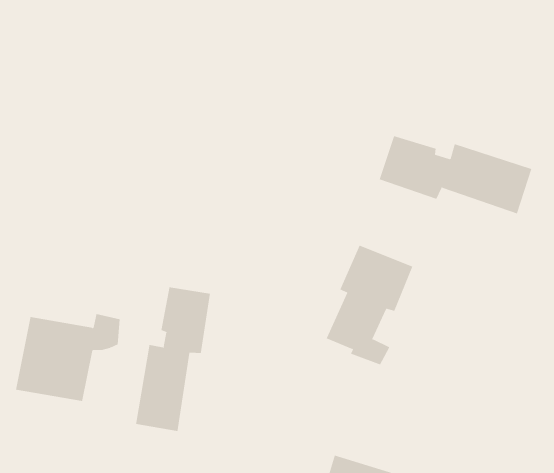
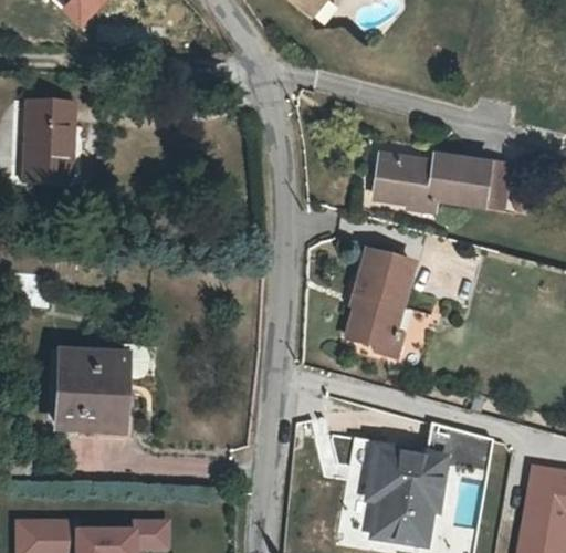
building: none -> [27,104,82,190]
building: [135,286,211,432] -> none

